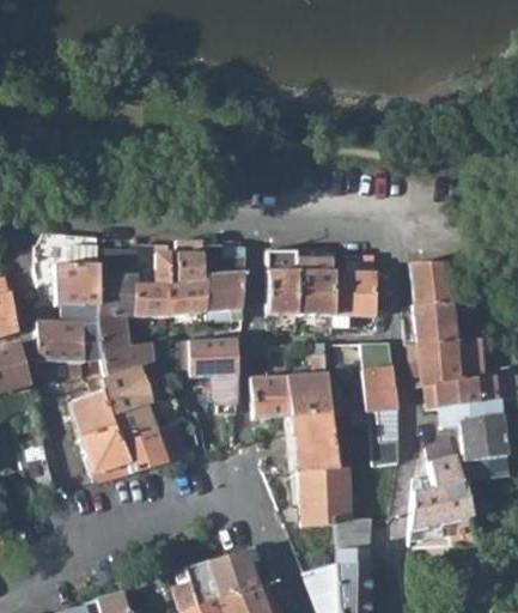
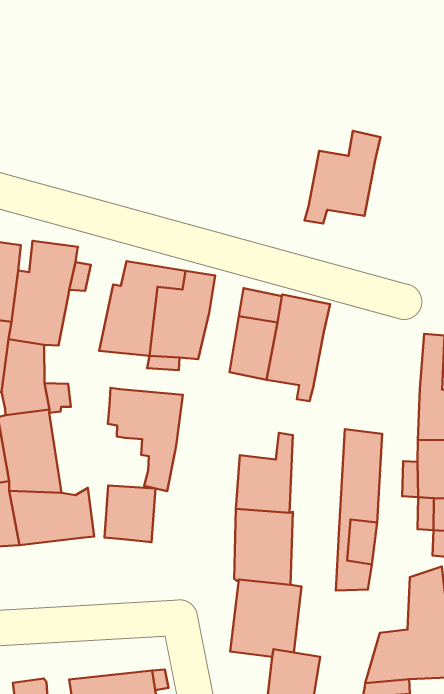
building: [136,253,170,317] -> none
building: [331,255,378,328] -> [305,131,380,223]
building: [250,377,290,420] -> [104,485,156,542]

